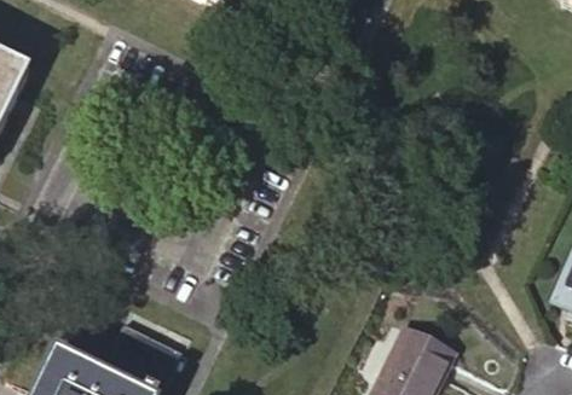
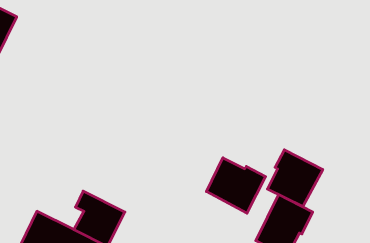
building: none -> [267,150,323,206]
building: none -> [206,158,266,213]

